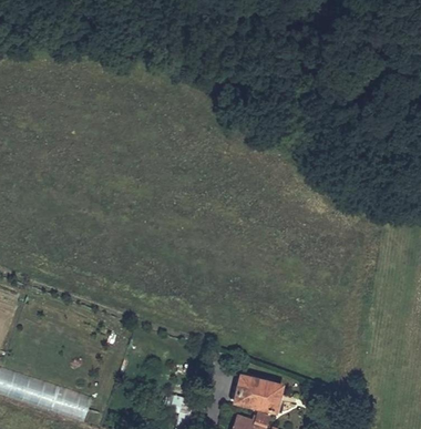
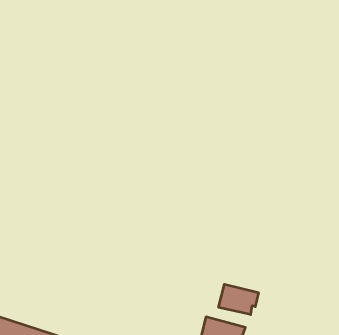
building: none -> [219,284,258,315]

